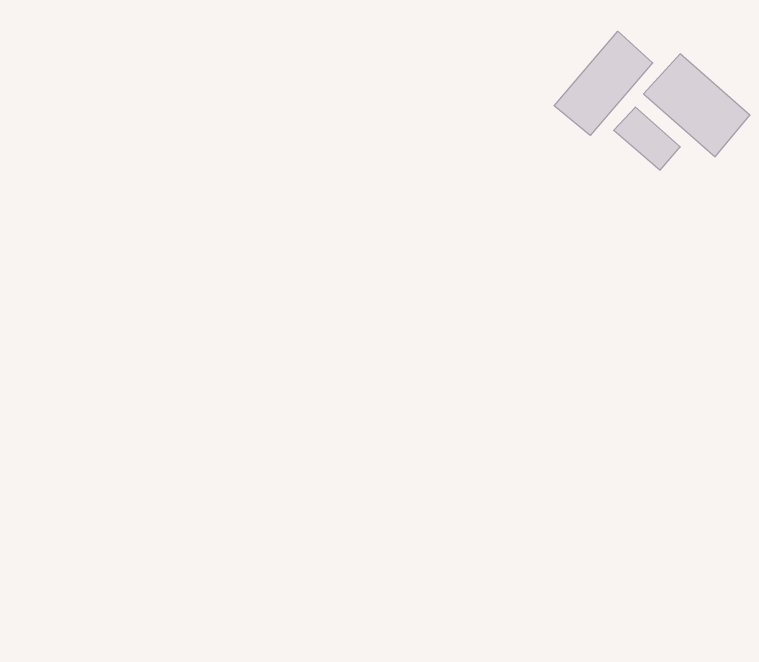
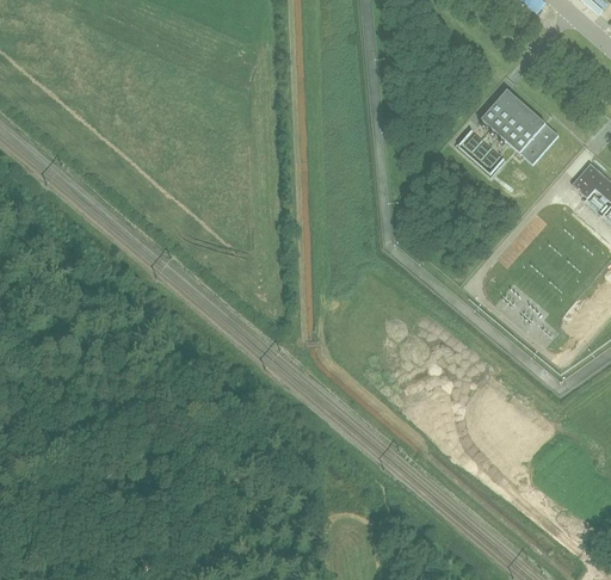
building: [554,31,653,135] -> none

